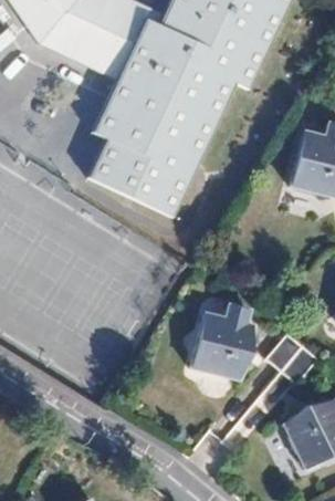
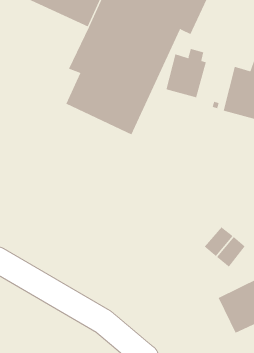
building: none -> [166,48,206,98]
building: [190,304,253,380] -> none

